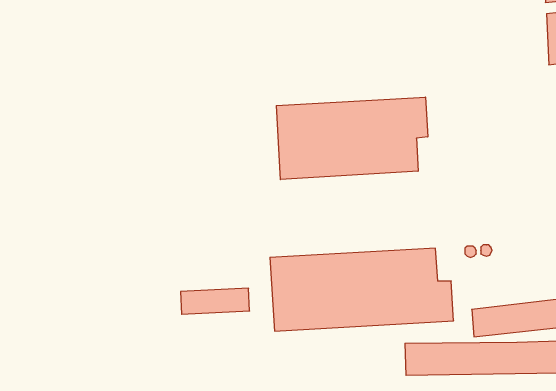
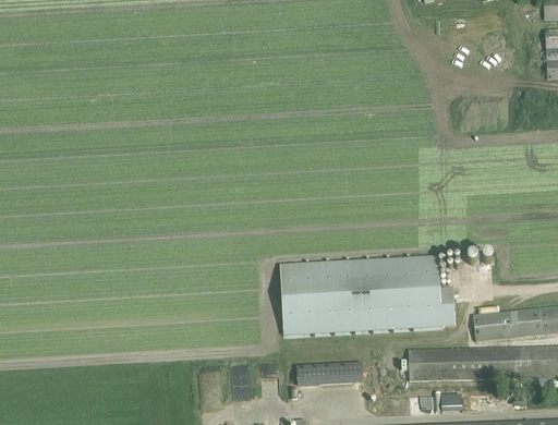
building: [276,97,428,180] -> none
building: [181,288,250,314] -> [298,363,364,388]

